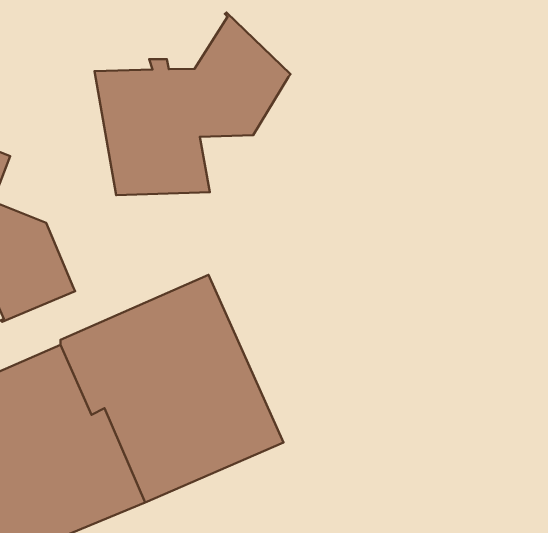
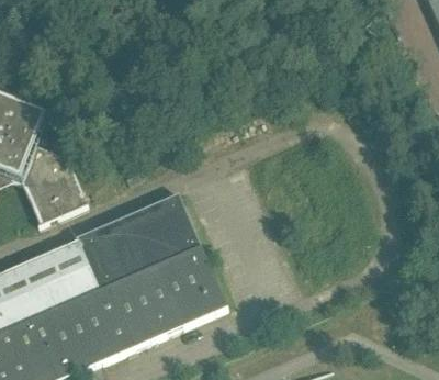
building: [94,13,291,195] -> none

